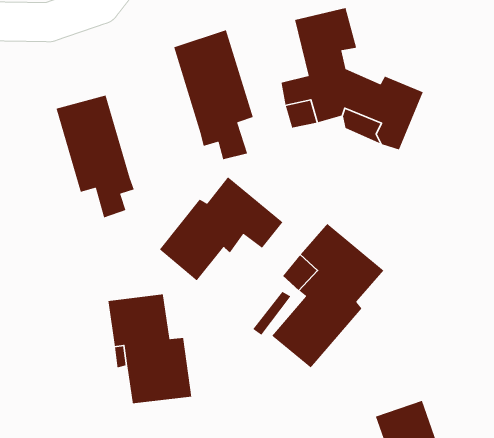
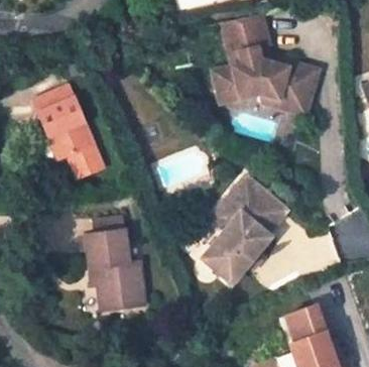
building: [173,29,254,160] -> none
building: [159,176,283,281] -> none

